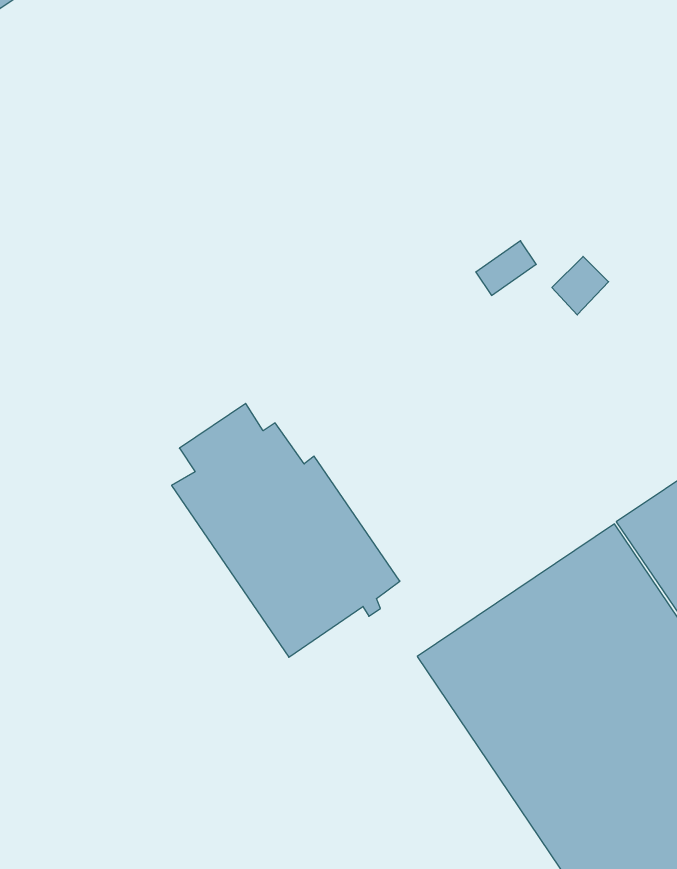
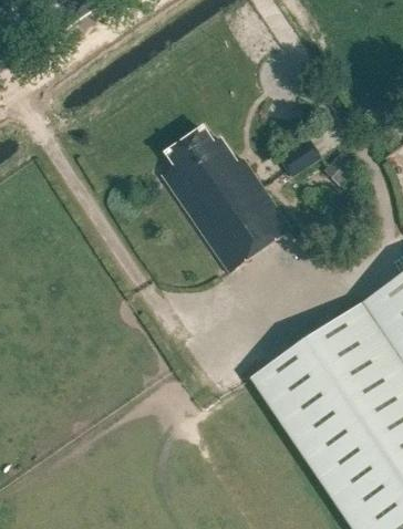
building: [172,403,400,657] -> [164,128,293,272]

